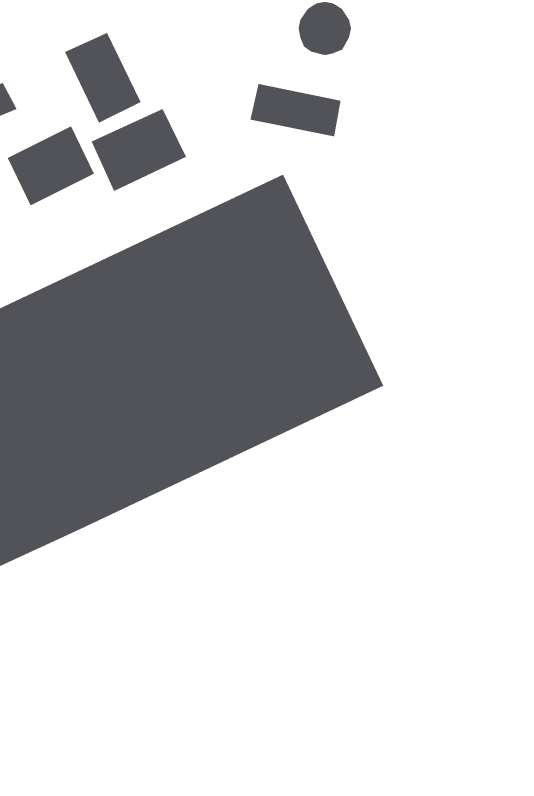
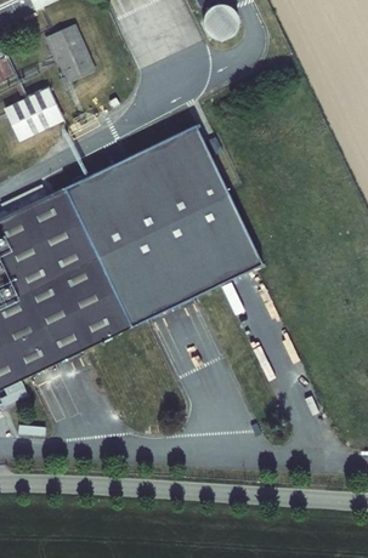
building: [250,83,341,137] -> none
building: [91,108,187,192] -> none

